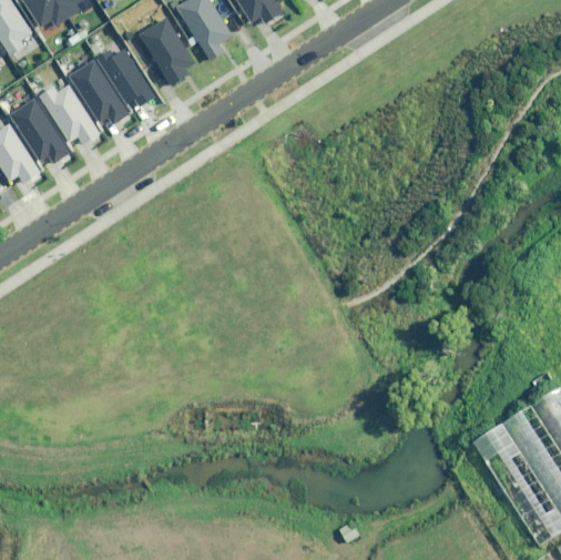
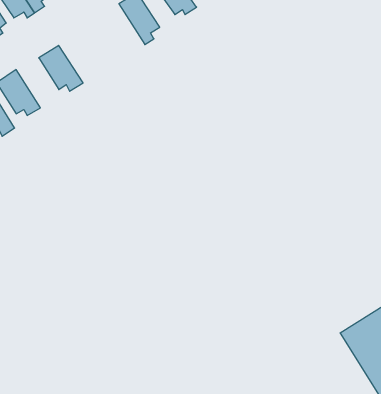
building: [140,17,196,88] -> none
building: [98,52,153,111] -> none
building: [41,85,96,144] -> none

